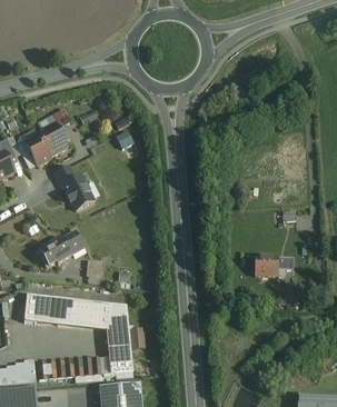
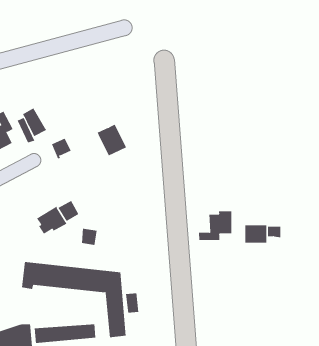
building: [36,121,67,155] -> none
building: [63,175,95,208] -> [97,124,127,156]
building: none -> [198,211,232,241]

